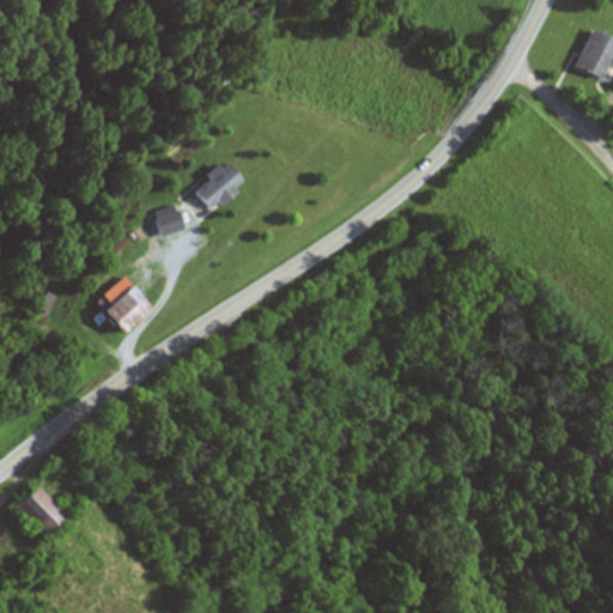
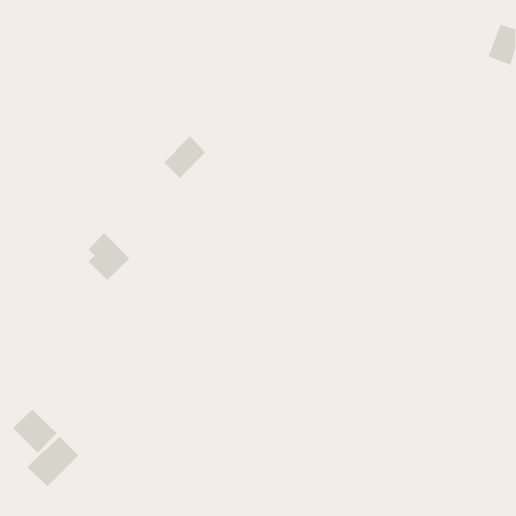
building: [153,205,183,236] -> none
building: none -> [27,436,79,487]

